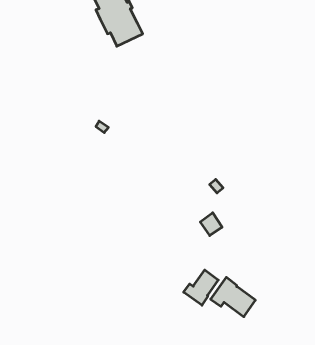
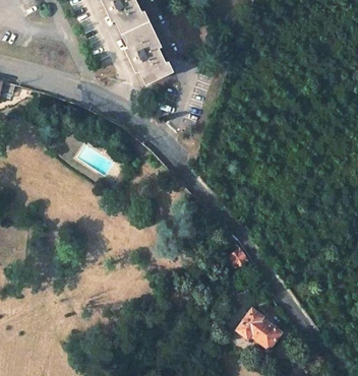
building: [184,270,218,305] -> none

